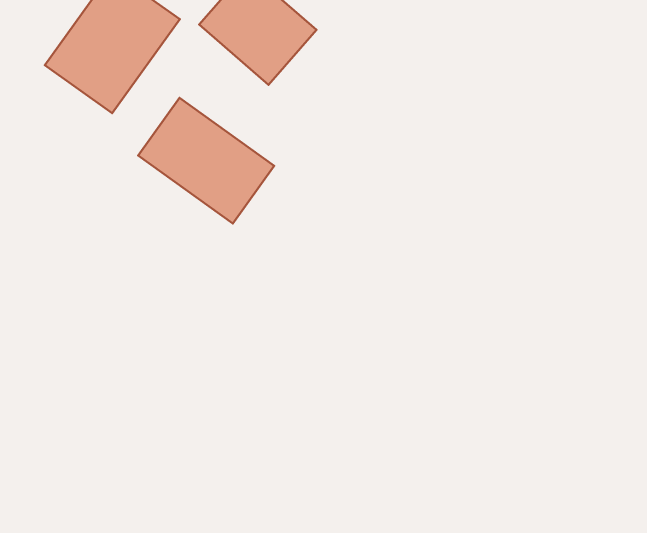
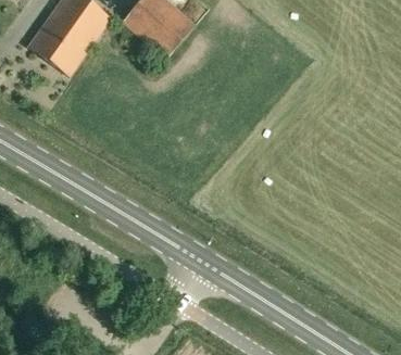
building: [138,98,274,223] -> none

